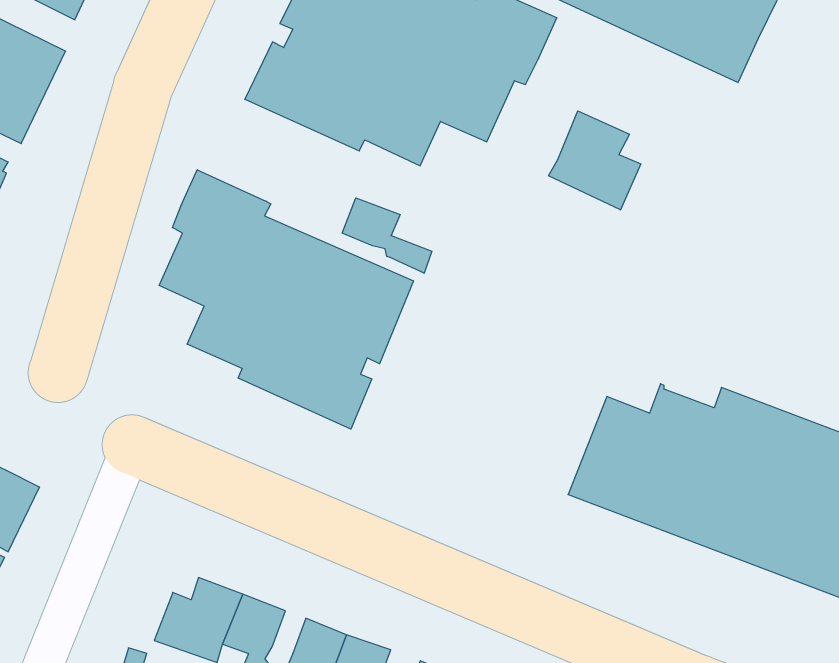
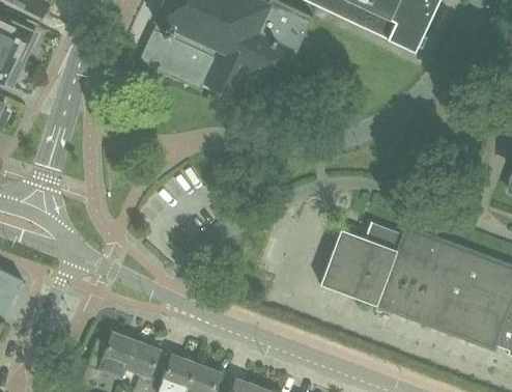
building: [549,111,641,210] -> none
building: [159,170,413,429] -> none
building: [342,198,432,273] -> none

